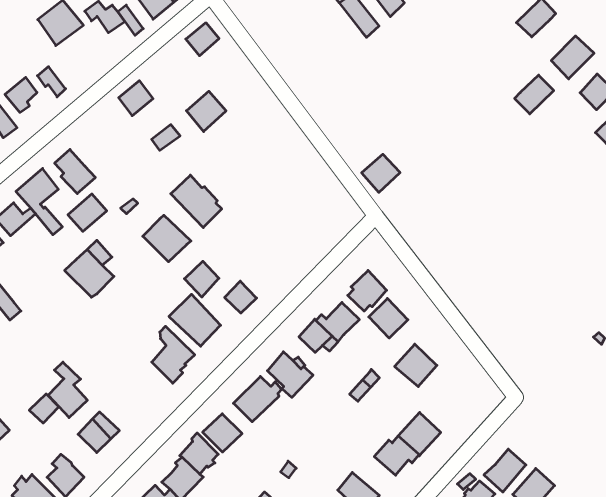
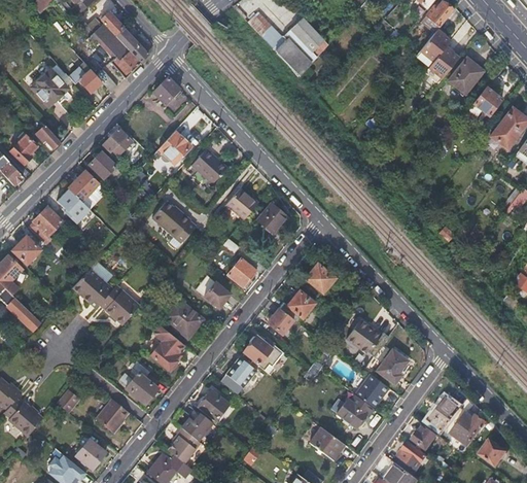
building: [515,75,554,114] -> [426,47,457,79]
building: none -> [89,150,115,179]
building: none -> [192,149,227,184]
building: [362,154,400,192] -> [257,203,288,234]
building: none -> [225,188,256,219]
building: [68,194,107,231] -> [68,171,99,202]
building: [143,215,191,262] -> [101,285,140,322]
building: [184,261,219,297] -> [227,258,255,287]
building: [369,298,408,338] -> none
building: [48,362,87,418] -> [126,359,157,404]
building: none -> [377,349,407,383]

